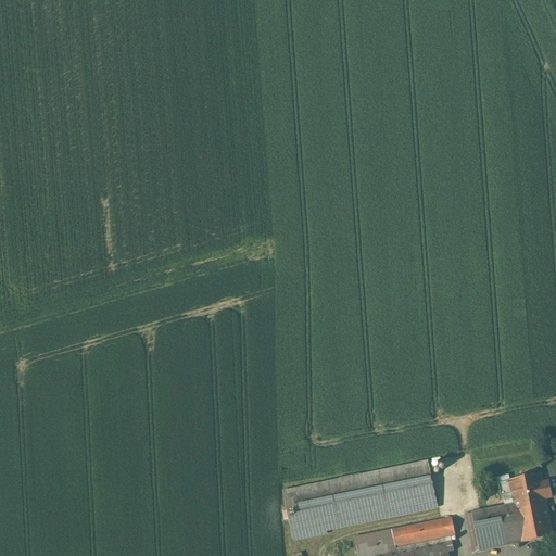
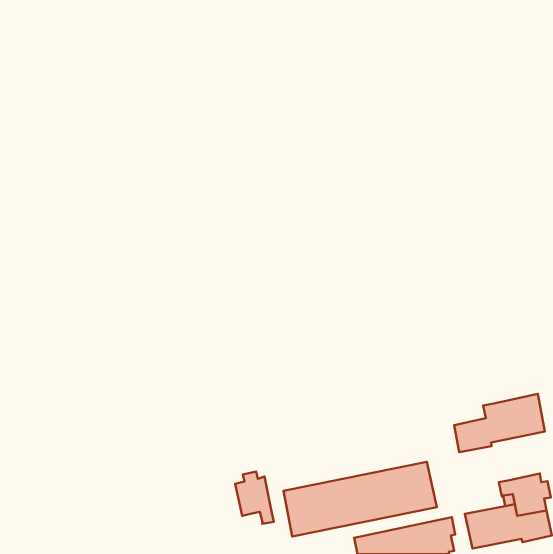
building: none -> [454,394,545,452]
building: none -> [235,472,274,524]

